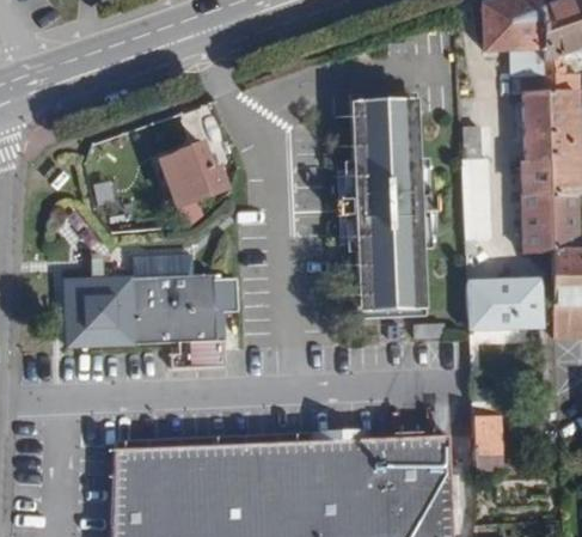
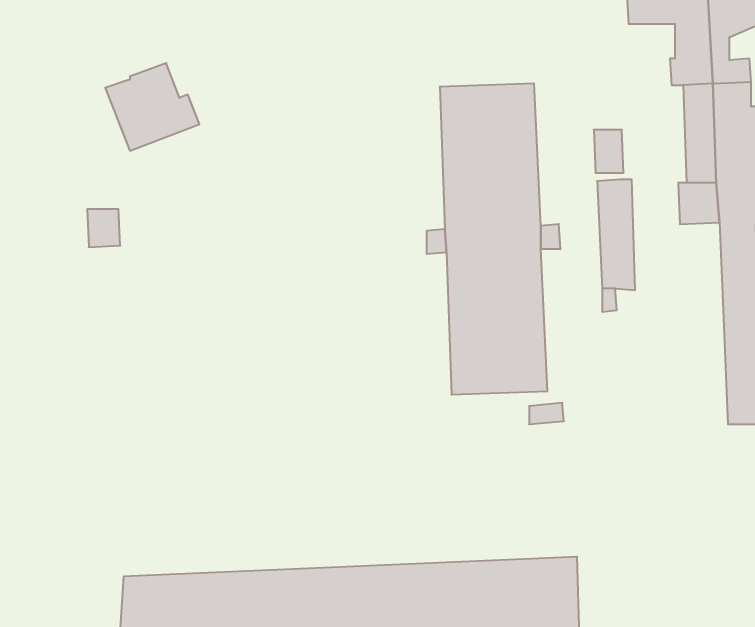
building: [160,142,228,206] -> [105,63,199,151]
building: [522,193,553,252] -> none
building: [71,255,239,368] -> none
building: [467,280,543,330] -> none
building: [473,419,502,470] -> none

